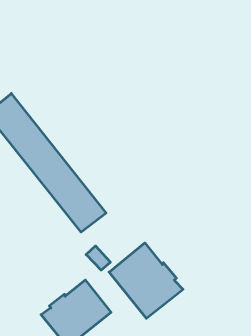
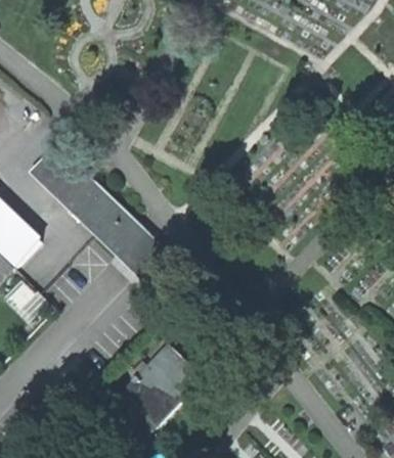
building: [109,243,183,318] -> none

